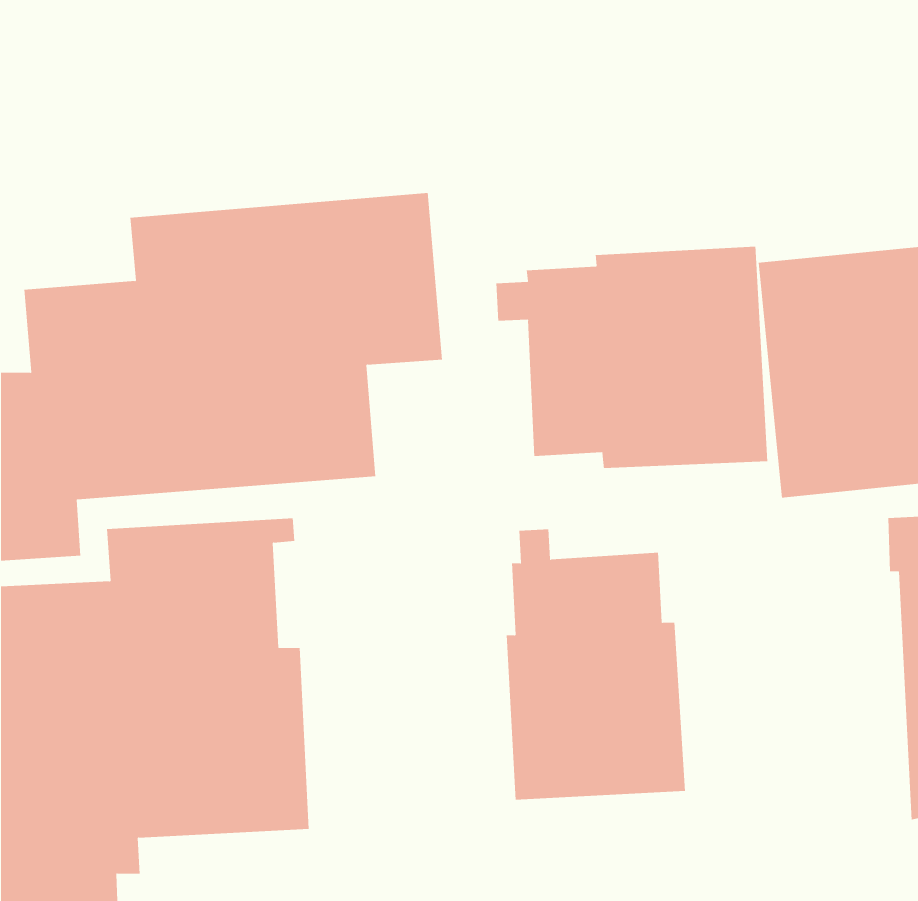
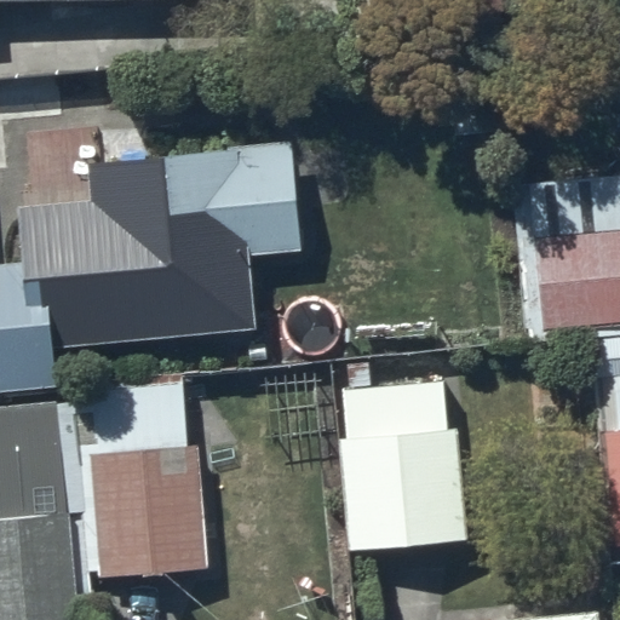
building: [496,246,768,469] -> none

